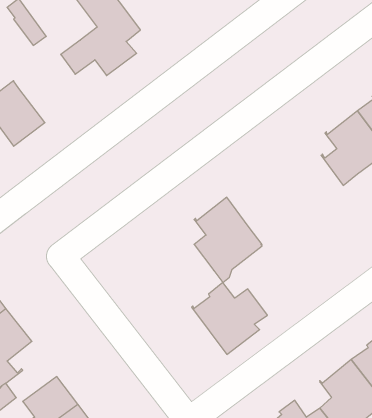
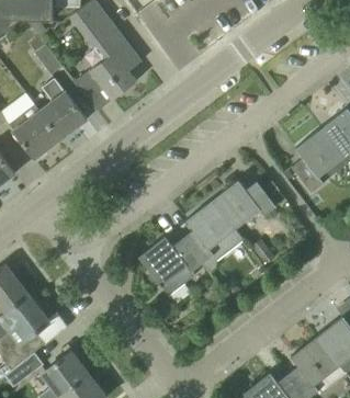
building: none -> [38,78,87,139]
building: none -> [213,180,275,227]
building: [192,282,267,354] -> [138,236,202,296]

